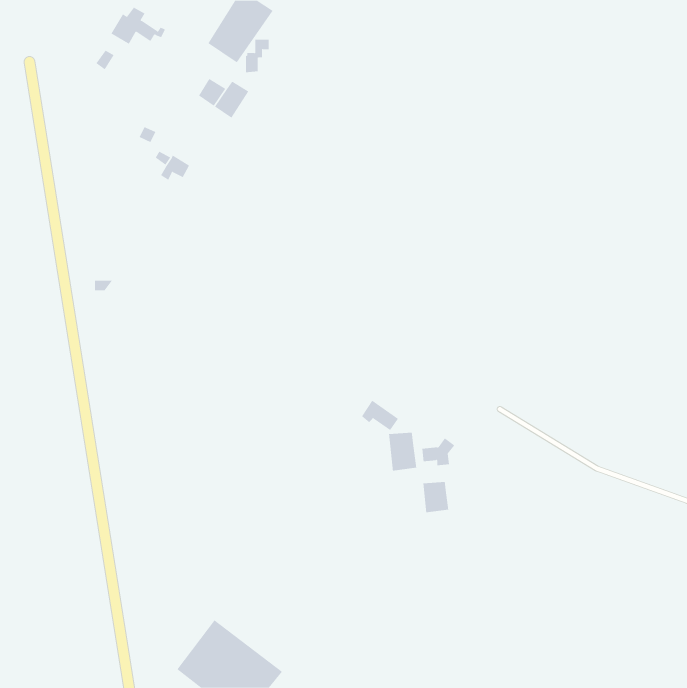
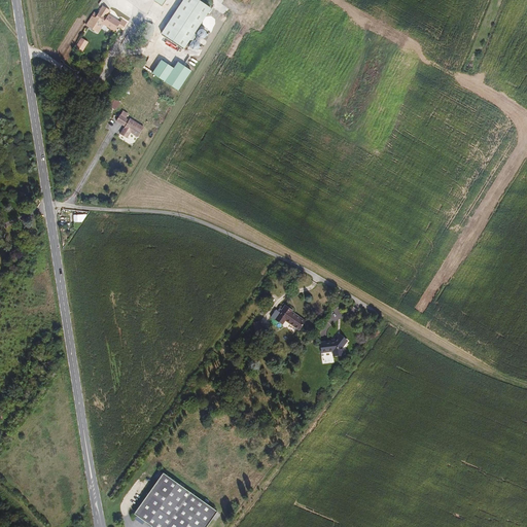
building: [389,432,417,471] -> none
building: [423,481,449,513] -> none

